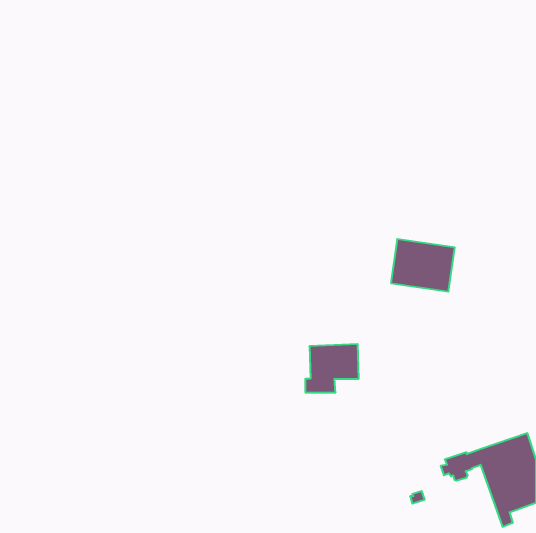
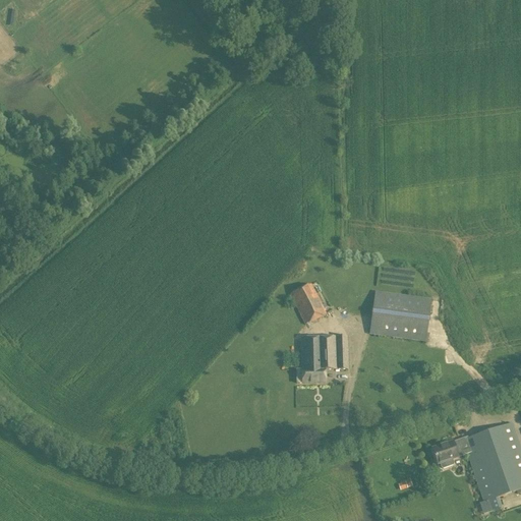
building: [391,239,455,291] -> [369,289,431,340]
building: none -> [289,282,327,323]

